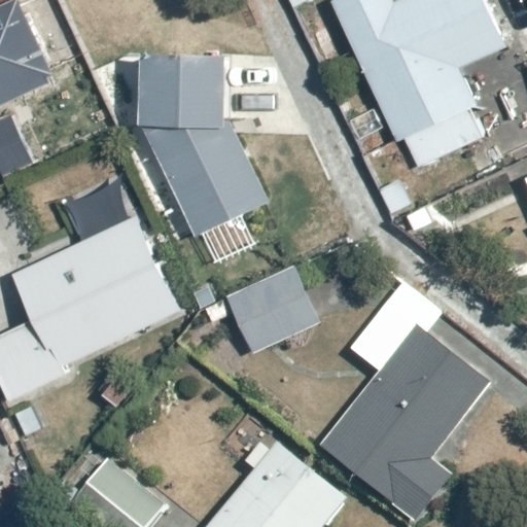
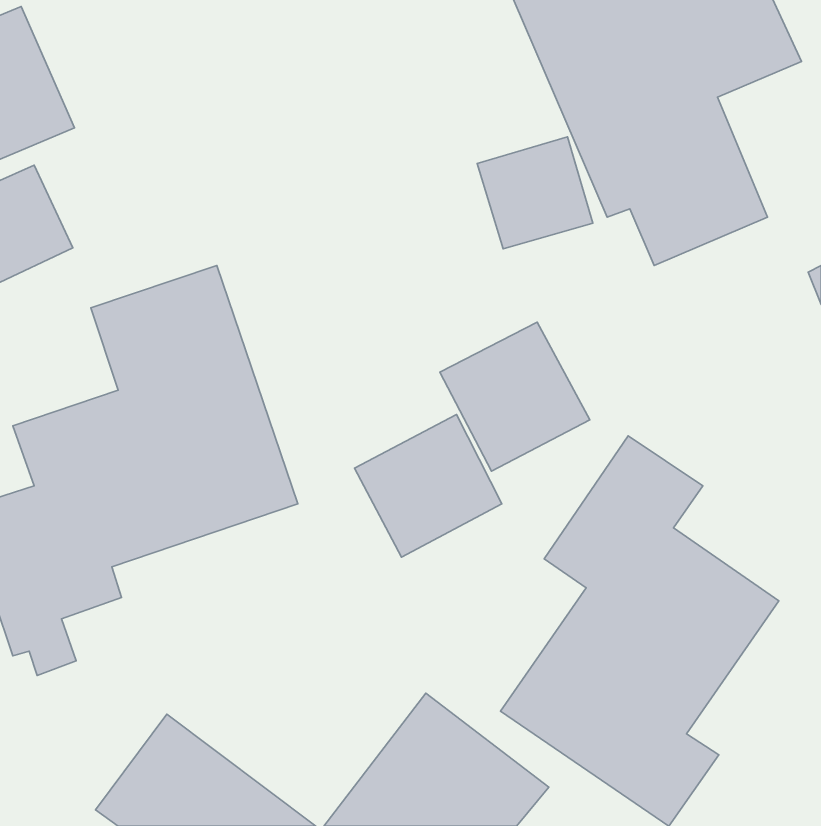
building: [139,50,272,240] -> none
building: none -> [477,137,593,249]
building: none -> [440,322,590,471]

